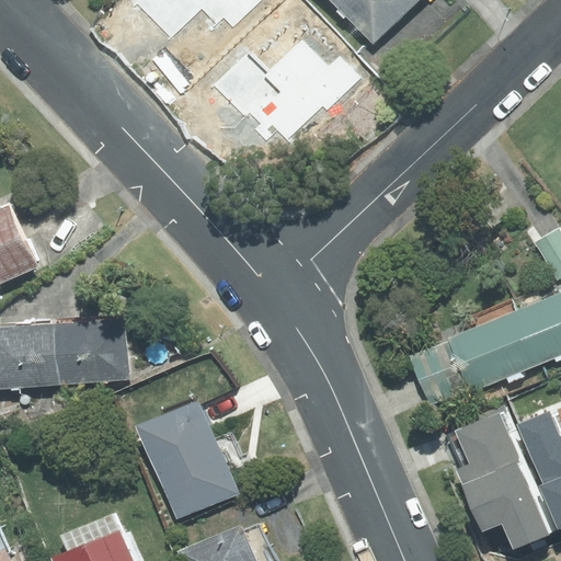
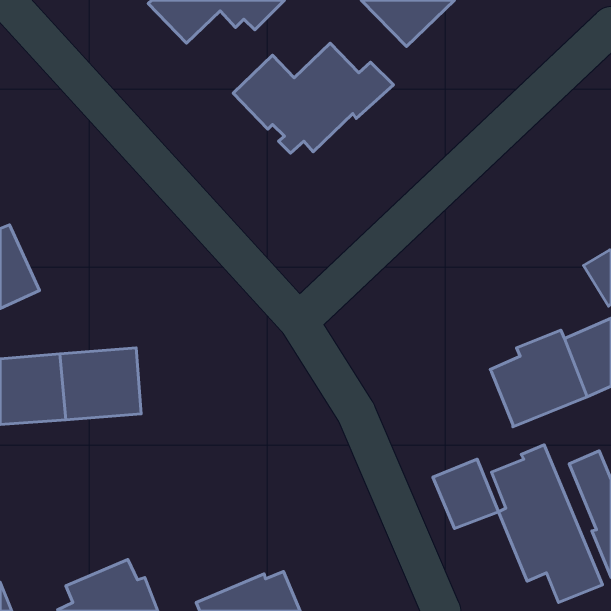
building: [410,341,470,404] -> [433,459,499,528]
building: [138,401,238,518] -> none

